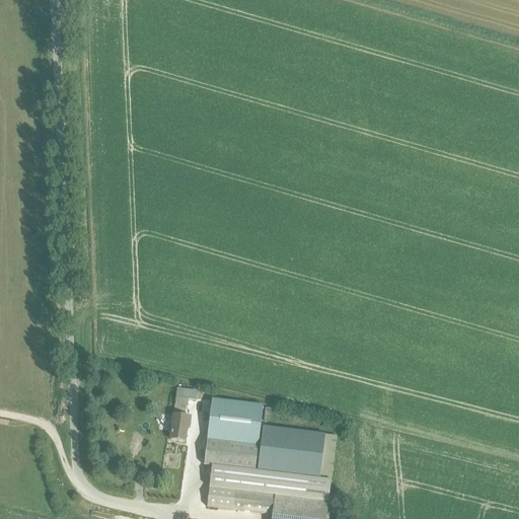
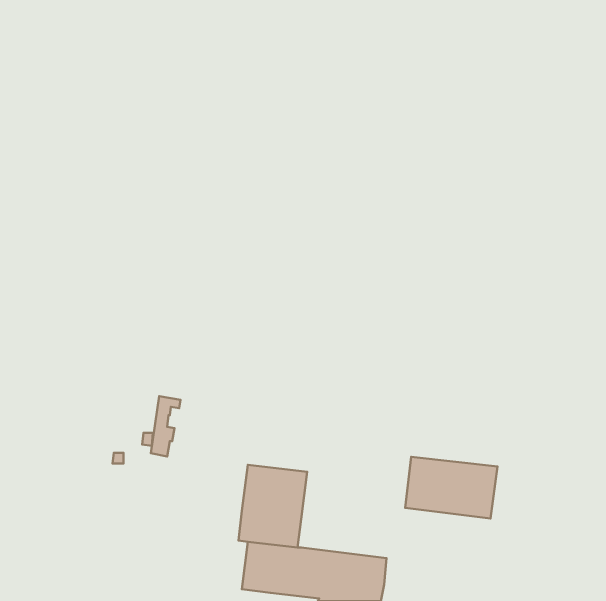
building: [170,387,196,439] -> [151,396,180,457]
building: [257,425,337,477] -> [405,457,498,519]

